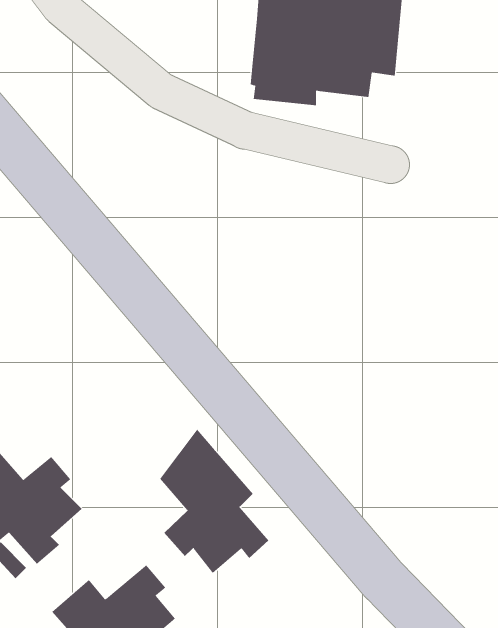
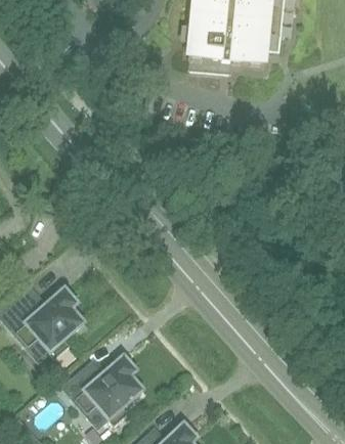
building: [159,429,269,574] -> none

